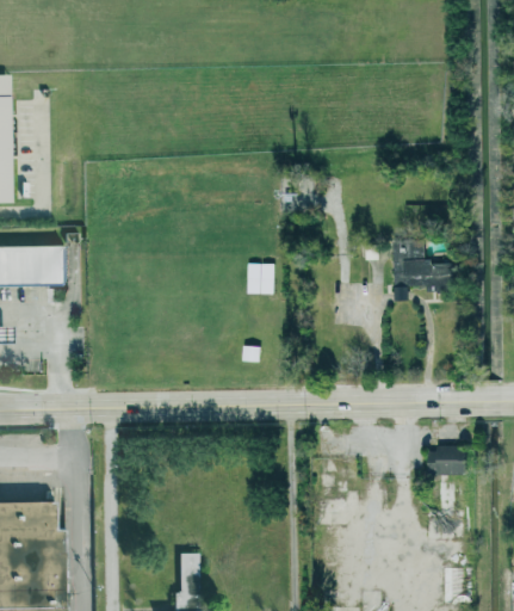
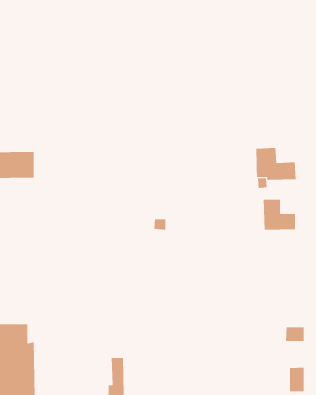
building: [246,264,273,295] -> none
building: none -> [263,199,296,231]
building: [429,446,467,475] -> none

